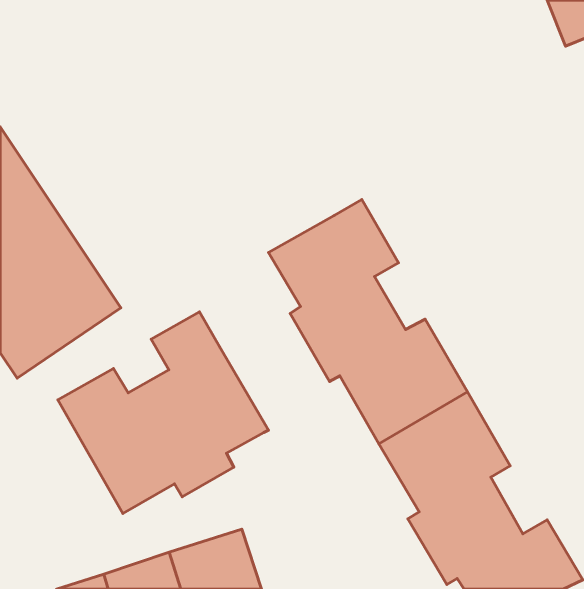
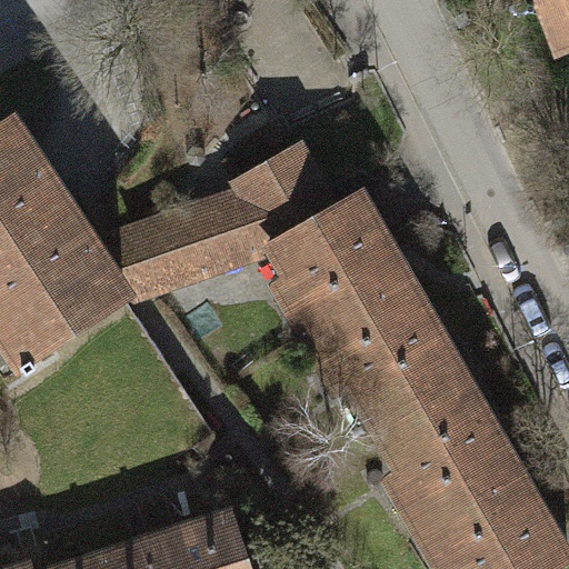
building: none -> [111,149,327,289]
building: [58,312,268,514] -> none

